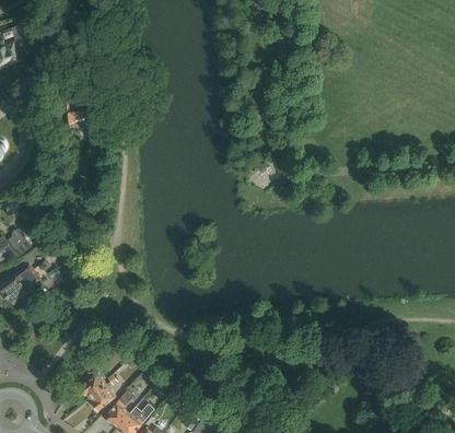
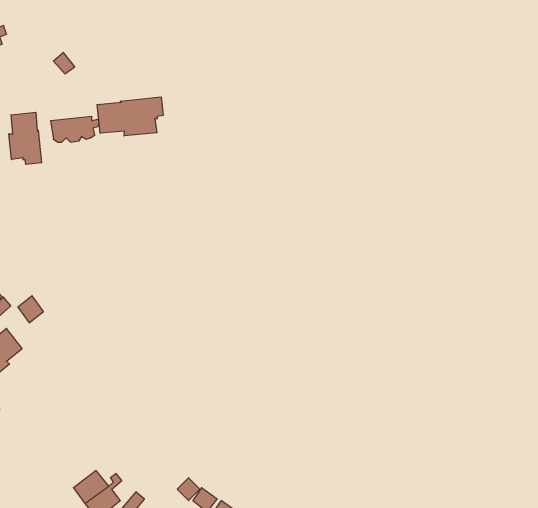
building: none -> [97,97,163,136]
building: none -> [9,112,42,164]

